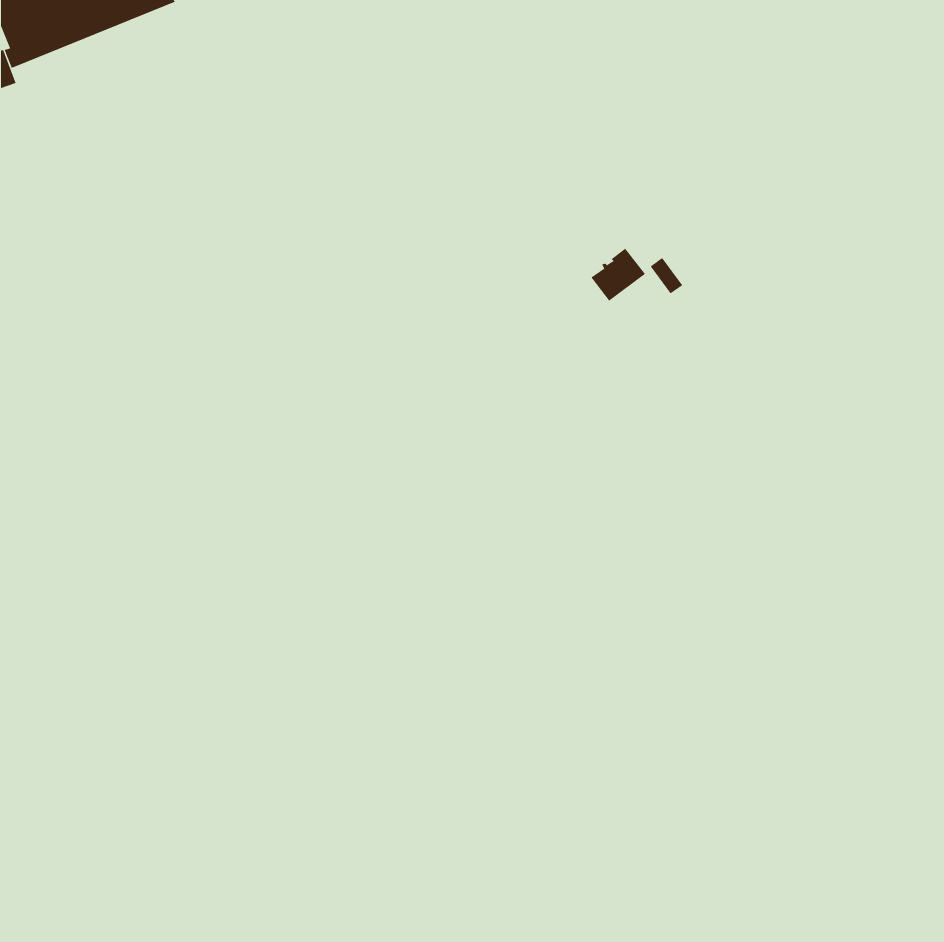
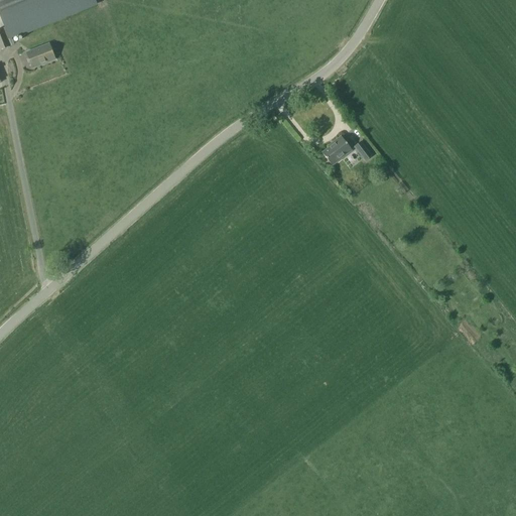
building: none -> [27,42,55,67]

